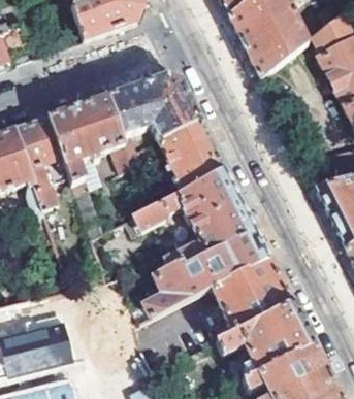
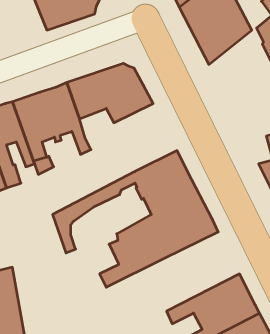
building: [158,119,226,192] -> none
building: [207,257,293,342] -> none

